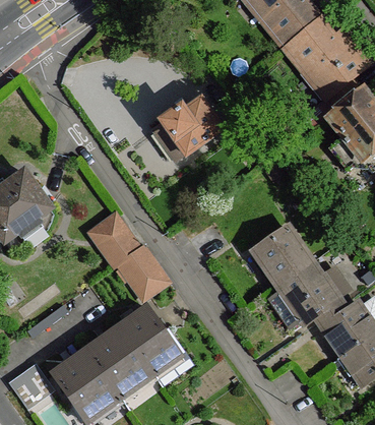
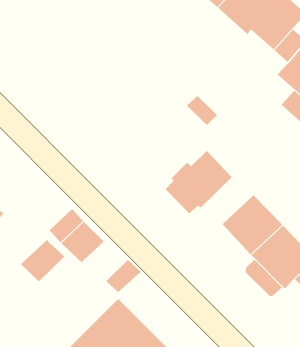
building: [153,101,220,159] -> [165,150,233,214]
building: none -> [20,239,65,282]
building: [118,246,159,287] -> none

